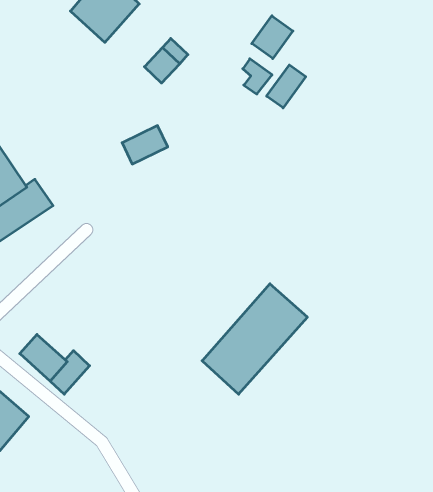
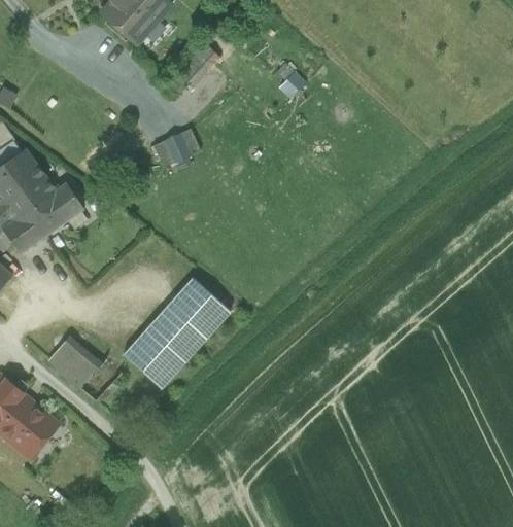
building: [252,16,293,59] -> none
building: [267,65,306,108] -> none
building: [202,284,307,394] -> [124,277,231,389]

